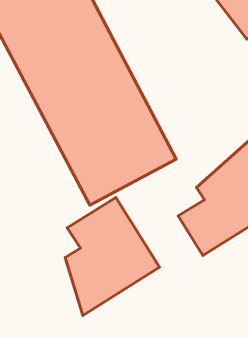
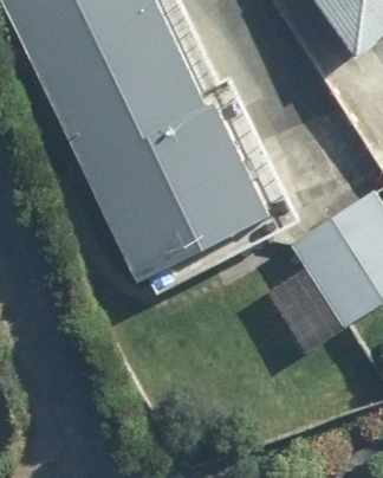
building: [65,197,159,315] -> none

